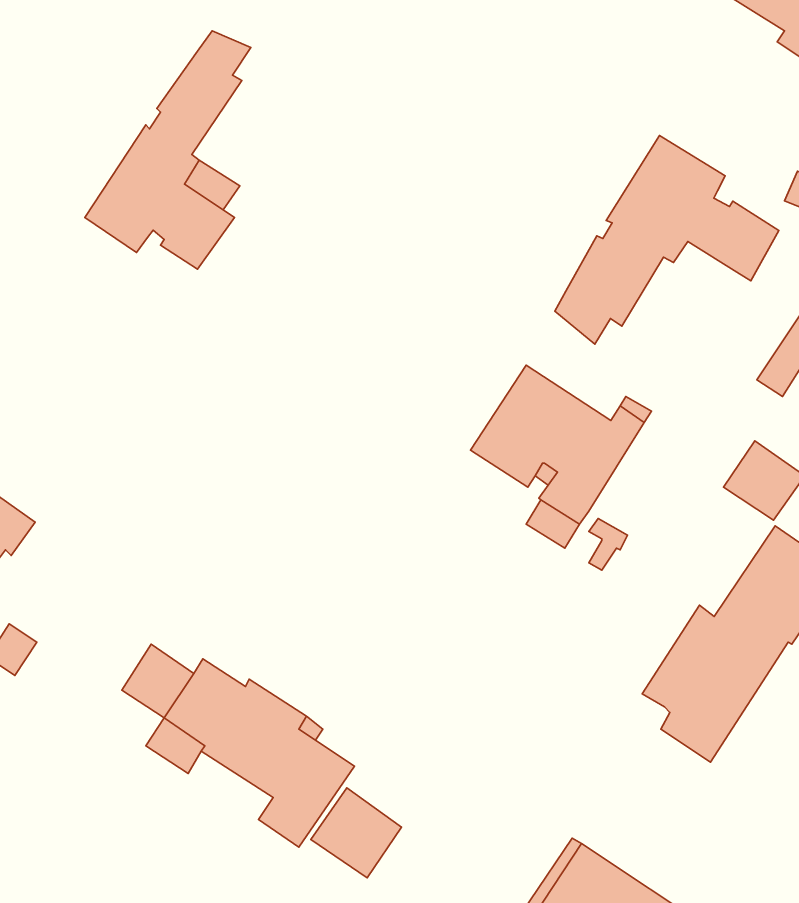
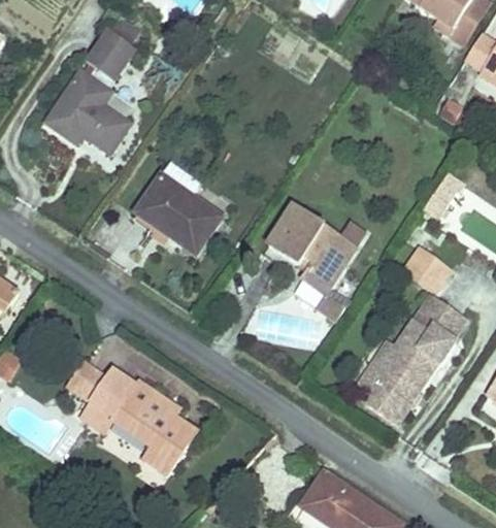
building: [555,136,779,344] -> none
building: none -> [138,162,222,253]
building: [311,788,401,878] -> none

